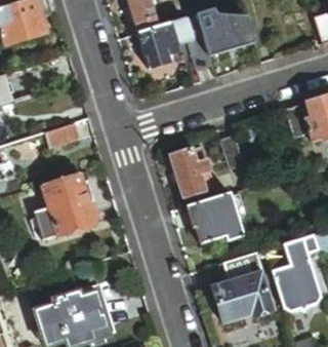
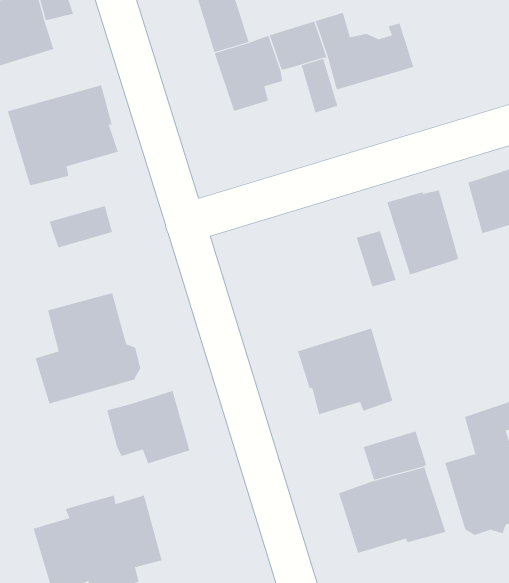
building: none -> [7,84,118,186]
building: [170,148,212,197] -> [386,190,459,275]
building: none -> [107,390,190,464]

